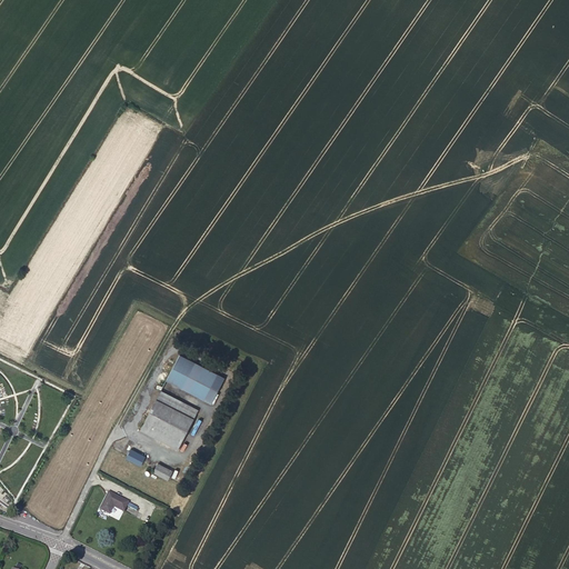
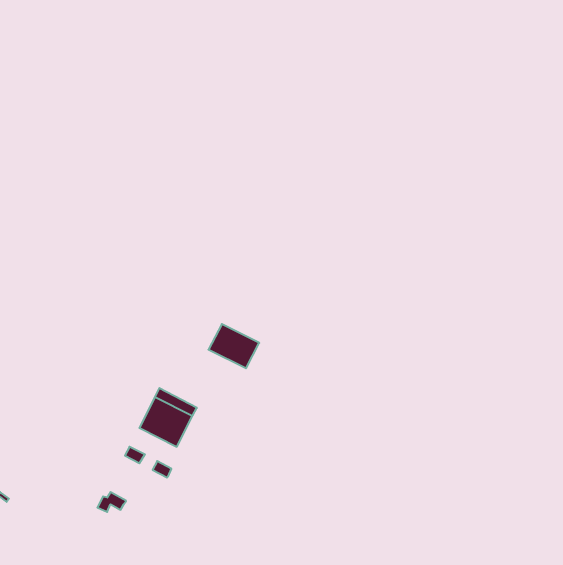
building: [166,355,217,399] -> [208,324,259,368]

